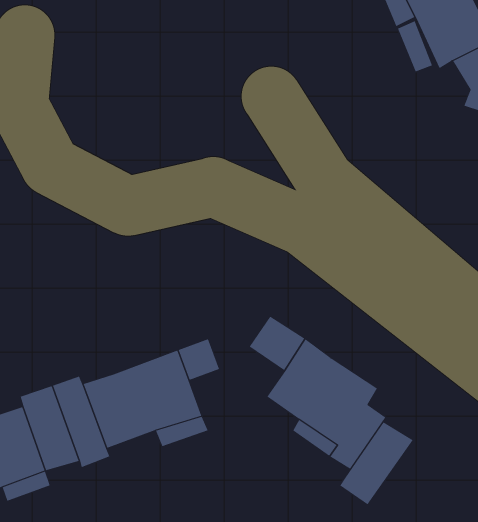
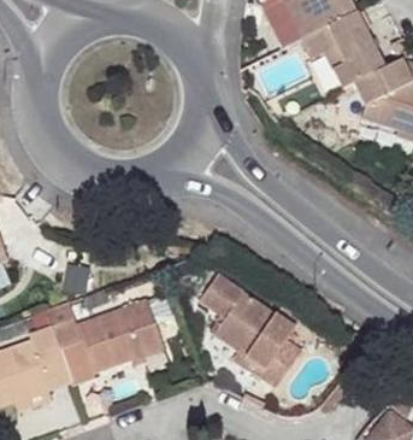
building: [339,421,414,505] -> none

